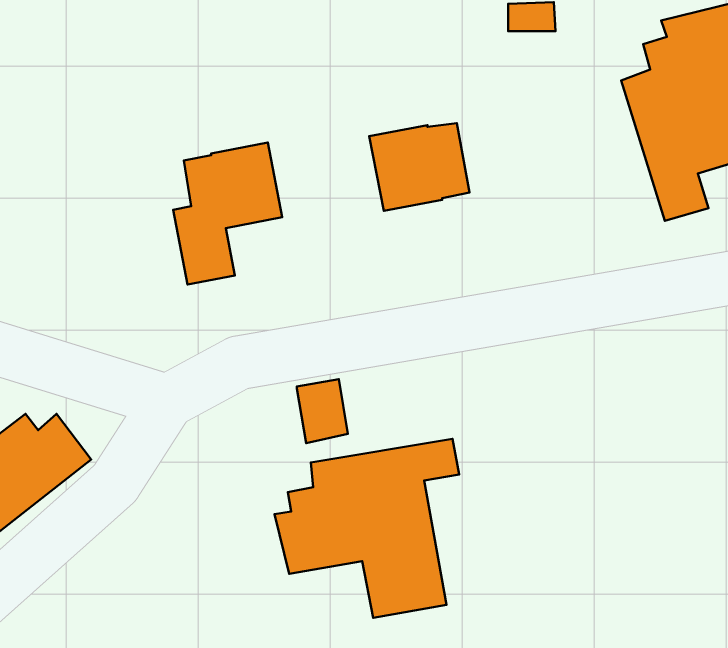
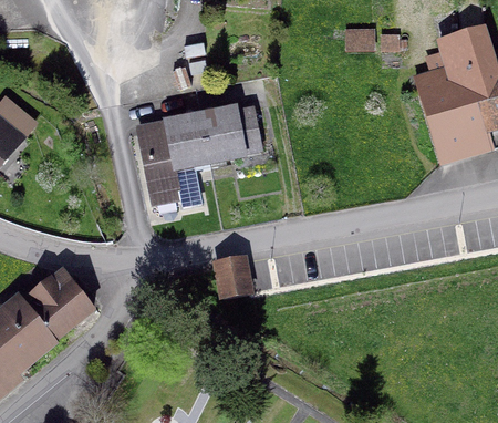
building: [369,123,469,211] -> [200,107,261,161]
building: [274,439,459,618] -> none

